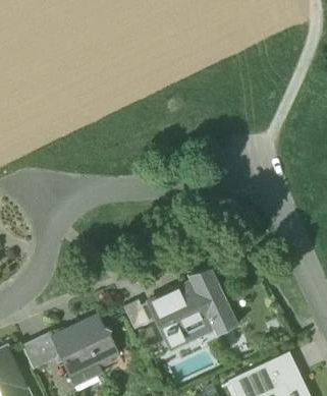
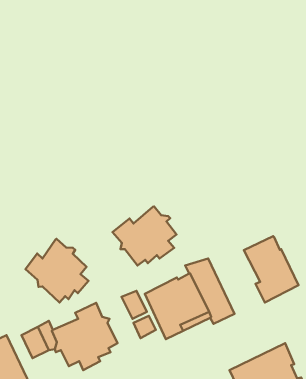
building: none -> [113,207,177,265]
building: none -> [244,236,298,303]
building: none -> [25,239,88,302]

